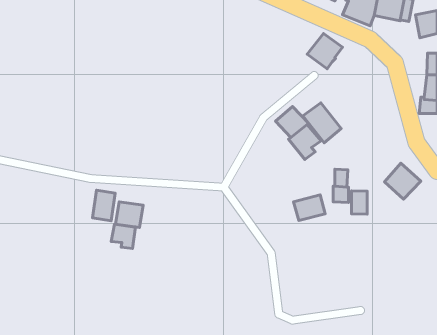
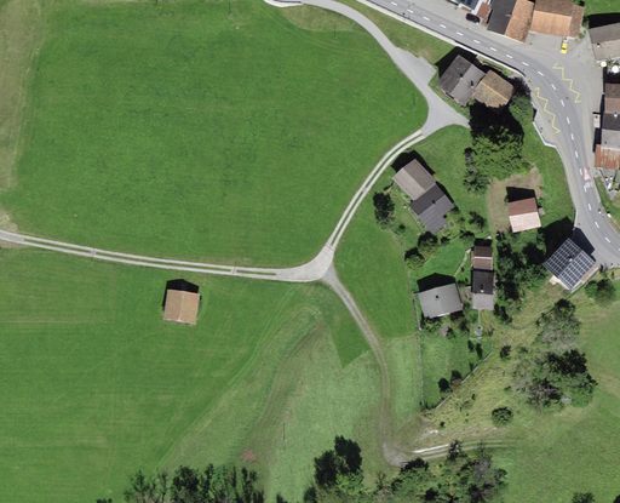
building: none -> [471,69,517,114]
building: [303,103,341,143] -> none
building: none -> [507,196,541,232]
building: [93,190,115,221] -> none
building: [352,191,367,214] -> none
building: [111,224,136,249] -> none

